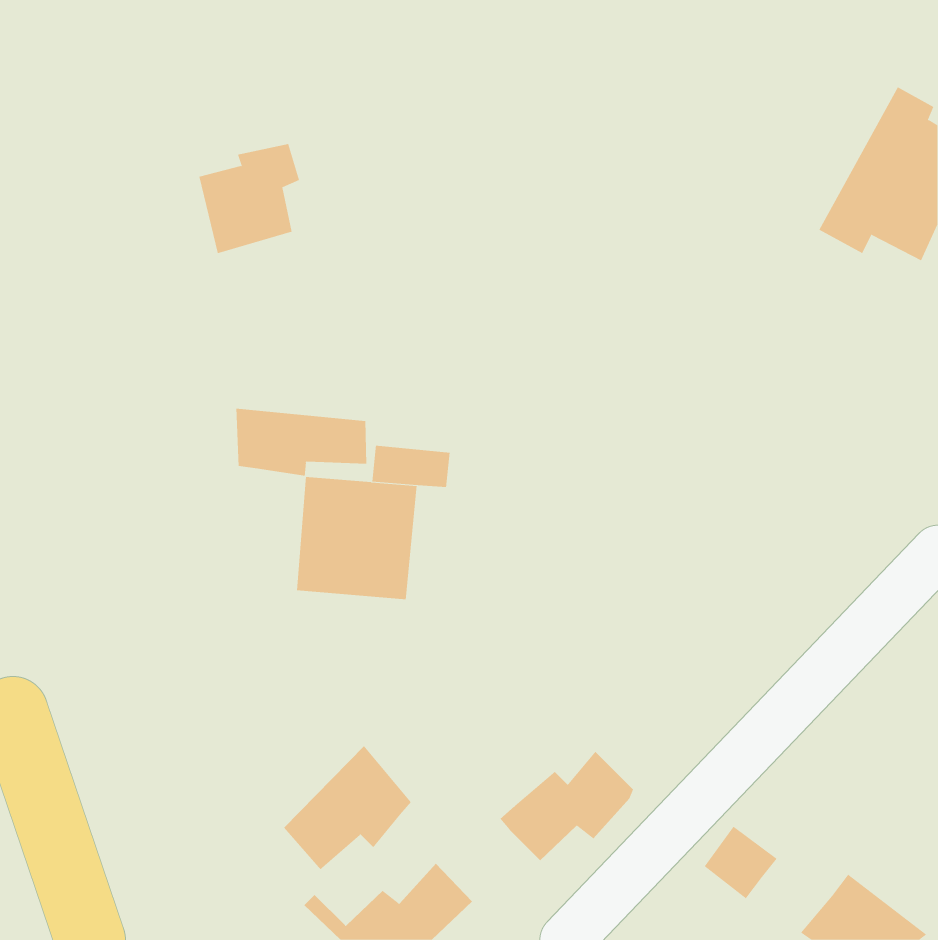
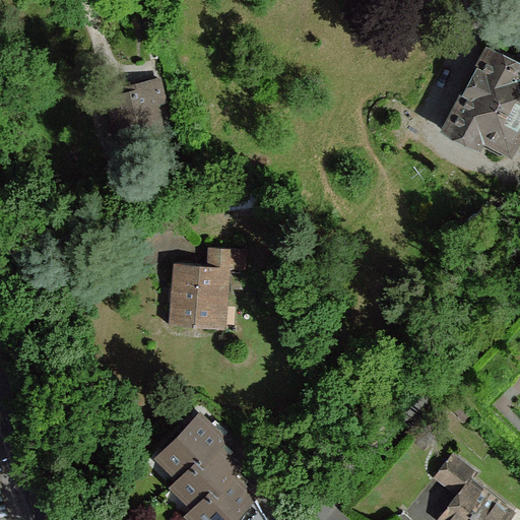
building: [236,408,367,476] -> none
building: [500,751,634,861] -> [169,450,243,511]
building: [704,826,777,899] -> [436,454,476,495]

